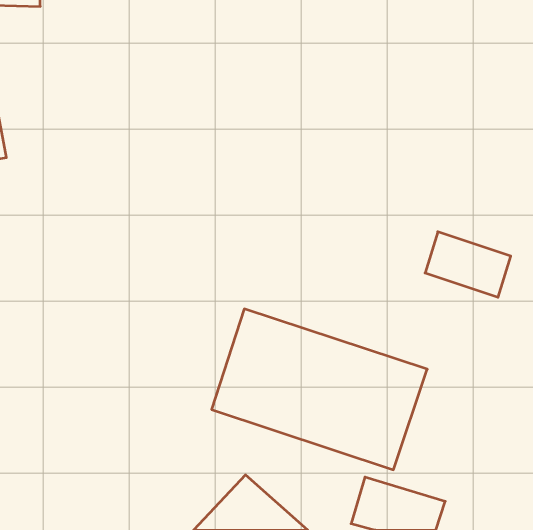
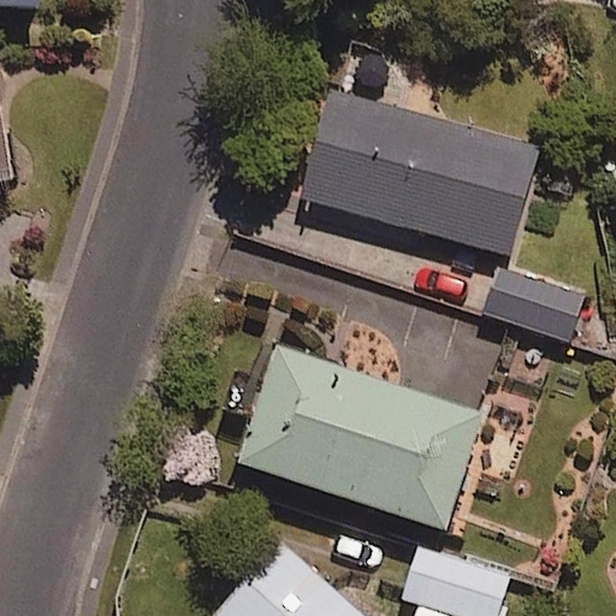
building: none -> [302,89,537,253]

